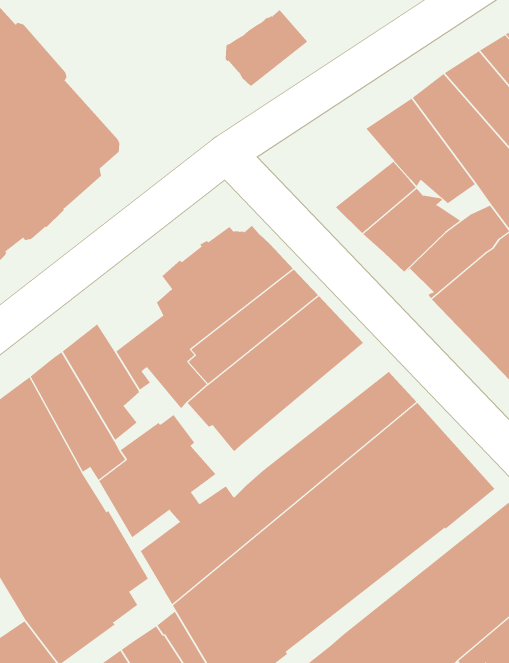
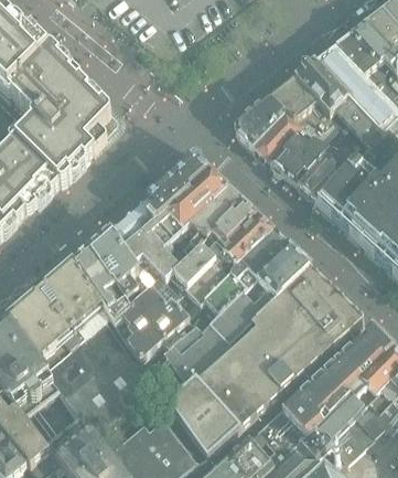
building: [225,9,308,88] -> [236,96,287,146]
building: none -> [110,195,154,244]
building: none -> [204,229,292,311]

